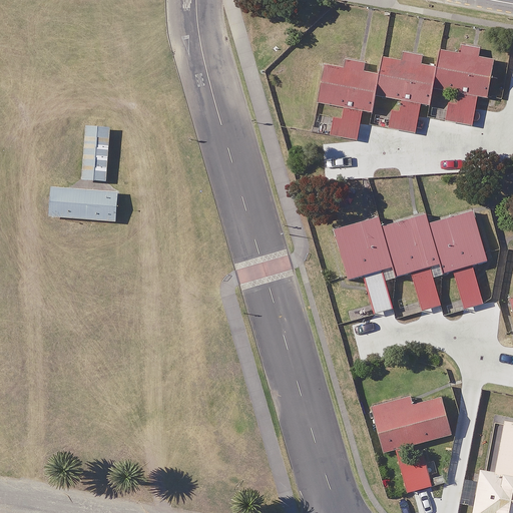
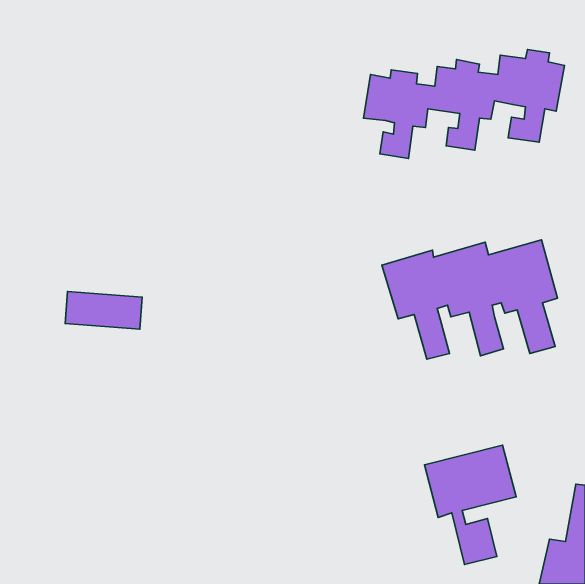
building: [83,125,110,180] -> none
building: [50,187,117,220] -> [65,291,142,329]

